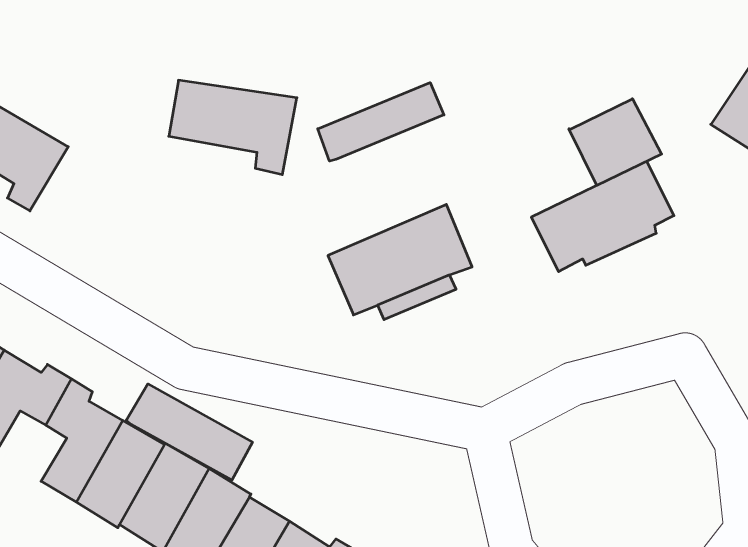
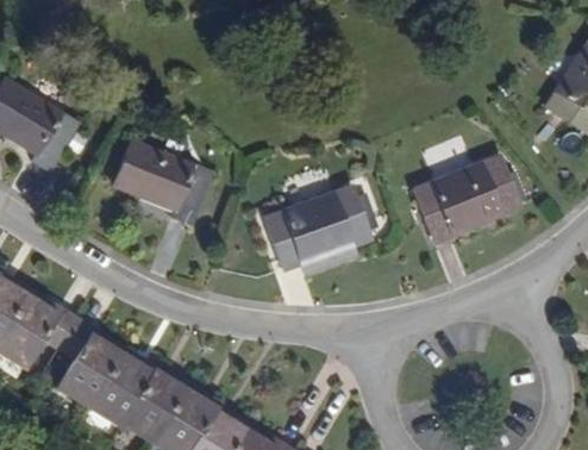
building: [169,80,297,175] -> [132,163,227,233]
building: [318,83,444,161] -> none
building: [569,99,662,185] -> none
building: [126,384,252,480] -> none

